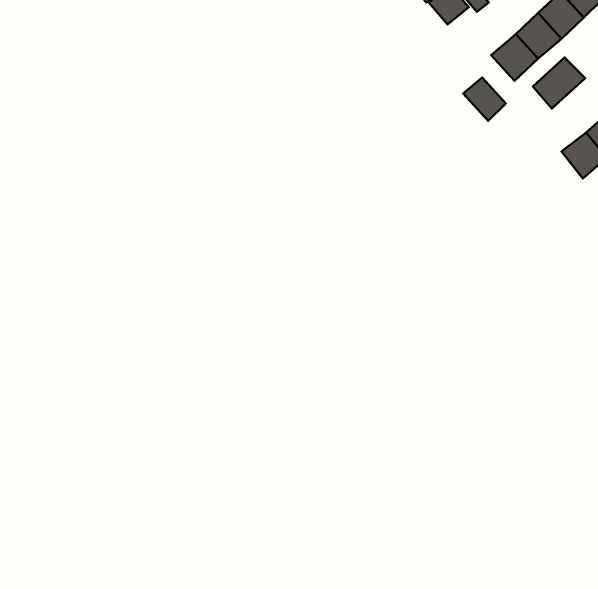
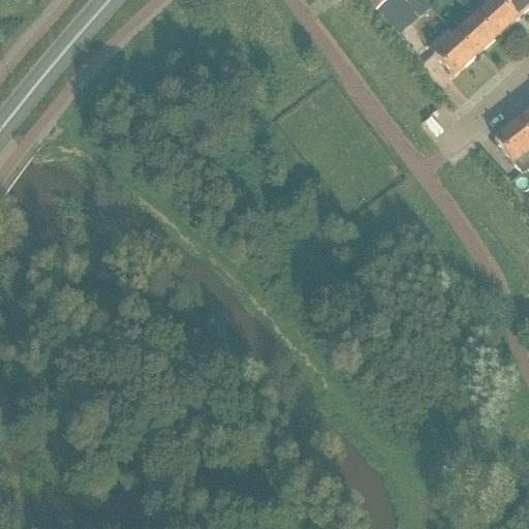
building: [533,58,585,109] -> none
building: [463,78,506,121] -> none

